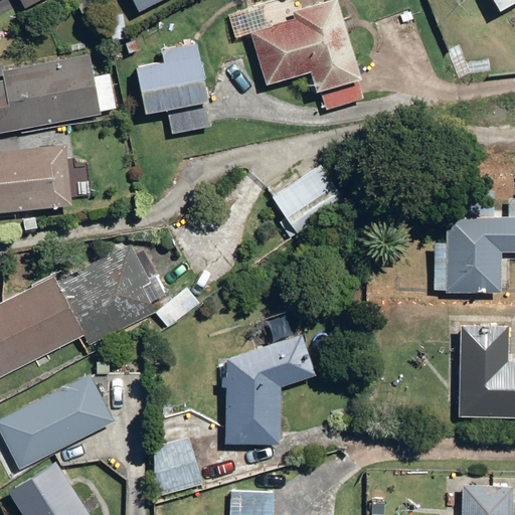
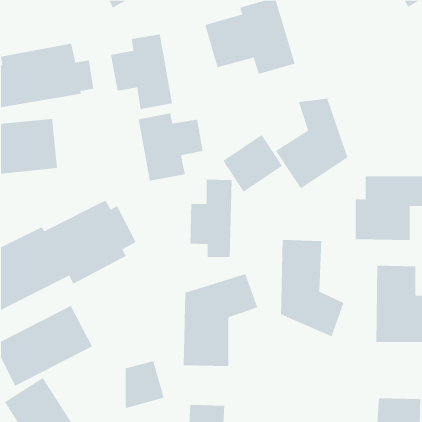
building: none -> [275,98,348,189]
building: none -> [138,113,203,182]
building: none -> [190,179,232,258]
building: none -> [280,239,344,337]

